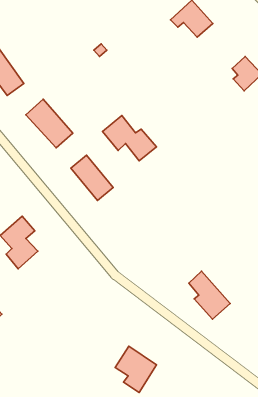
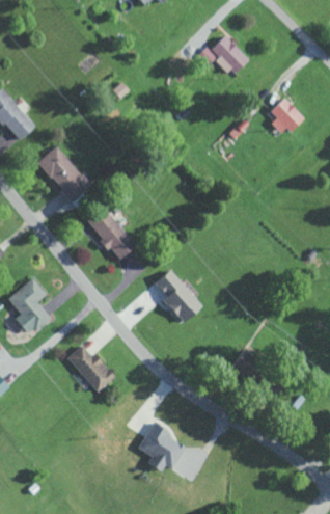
building: [103,116,157,161] -> none
building: [189,271,230,319] -> [157,269,203,323]
building: none -> [68,343,113,393]

